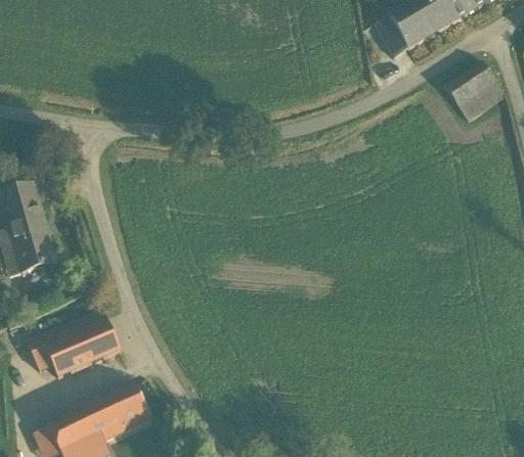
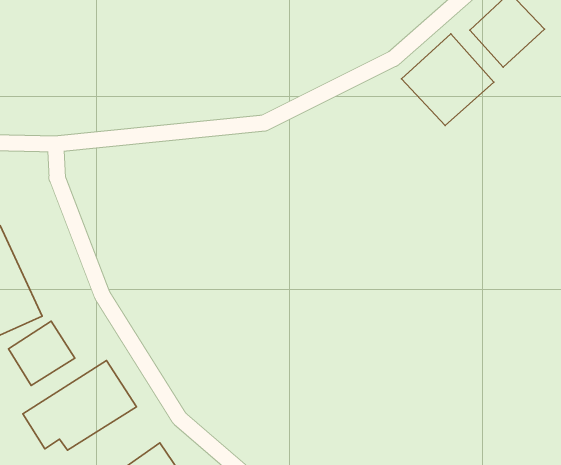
building: none -> [402,34,494,126]
building: none -> [9,321,75,385]

